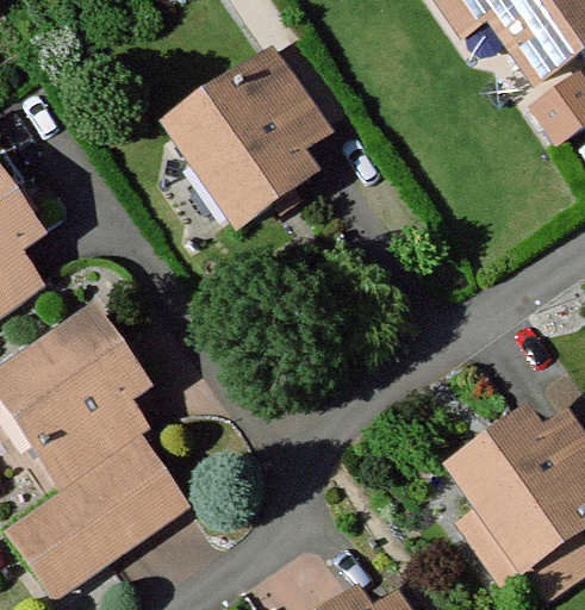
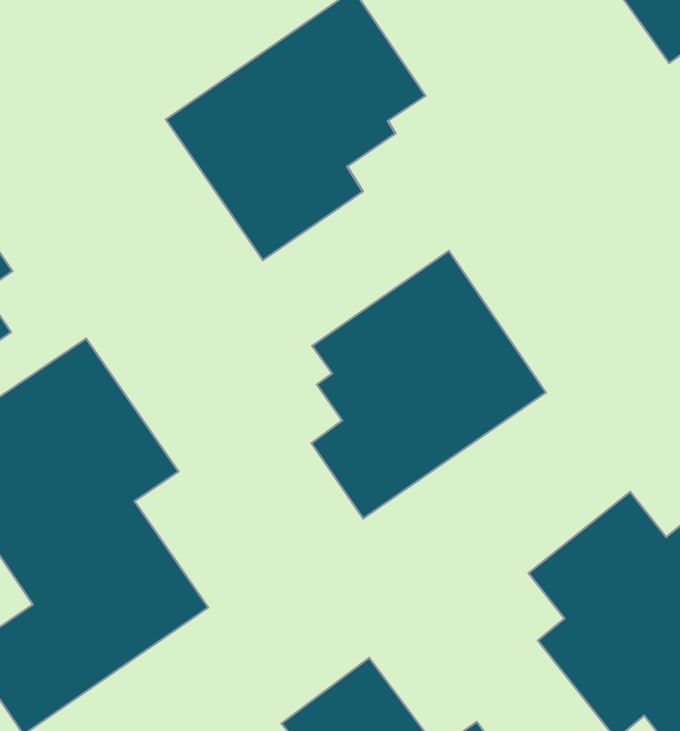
building: none -> [311,251,546,518]

